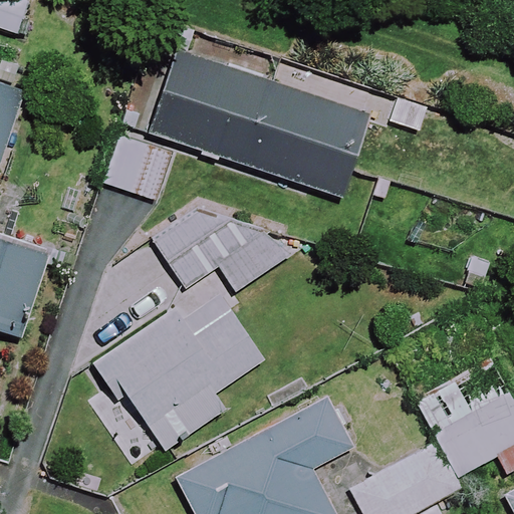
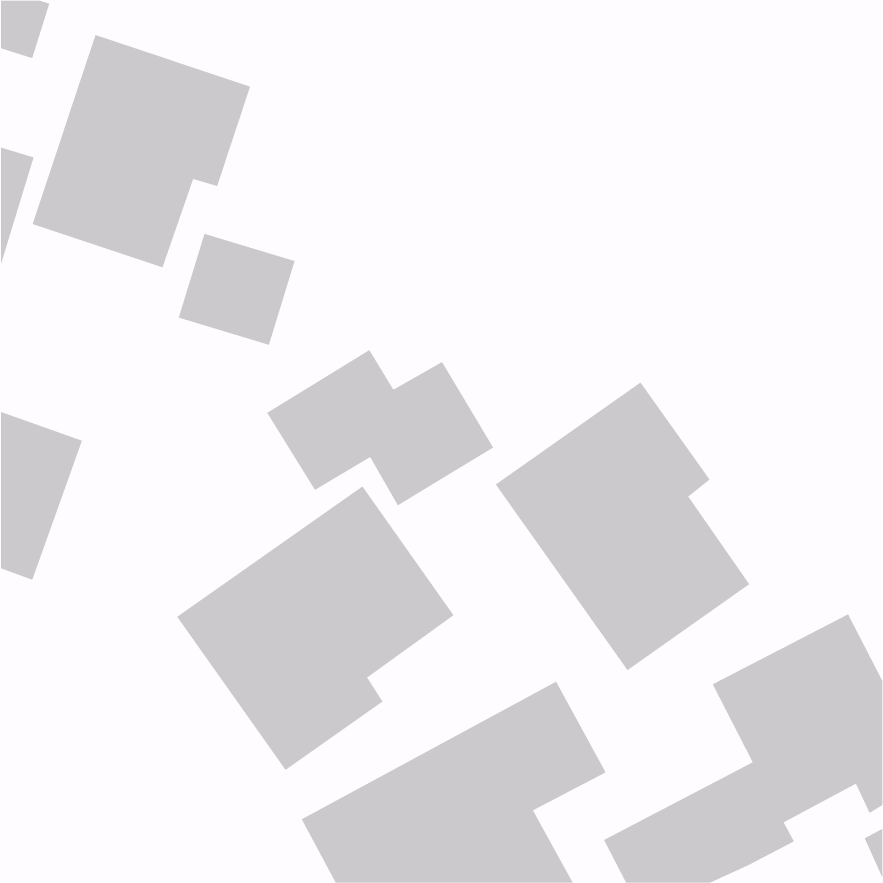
building: none -> [32,34,251,268]
building: [152,54,369,198] -> none
building: none -> [495,381,750,671]

